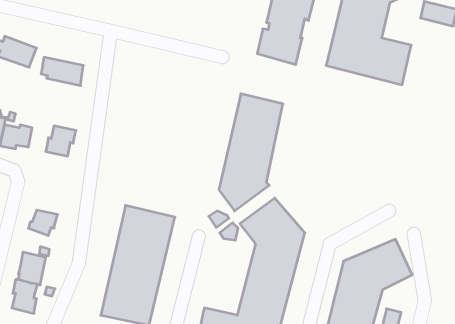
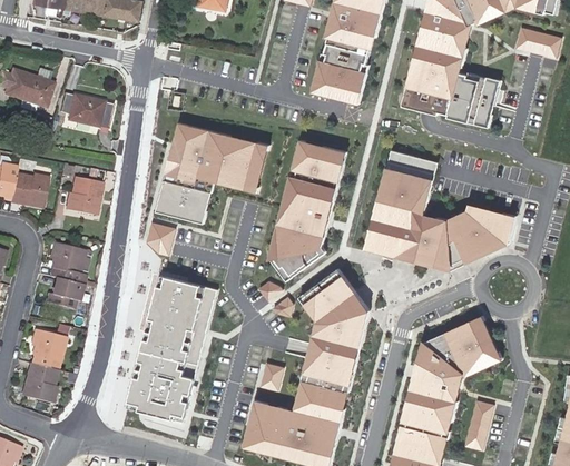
building: none -> [156,122,272,224]
building: none -> [364,149,519,269]
building: none -> [145,221,174,256]
building: none -> [42,242,77,286]
building: none -> [257,363,283,393]

